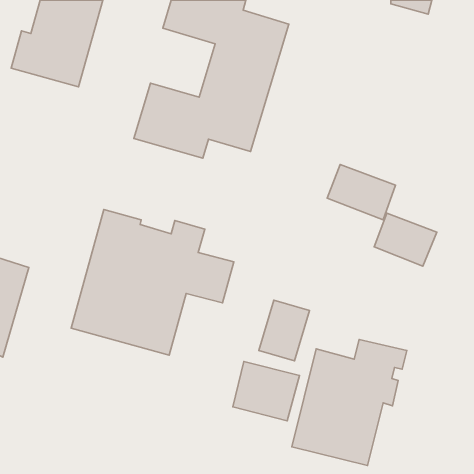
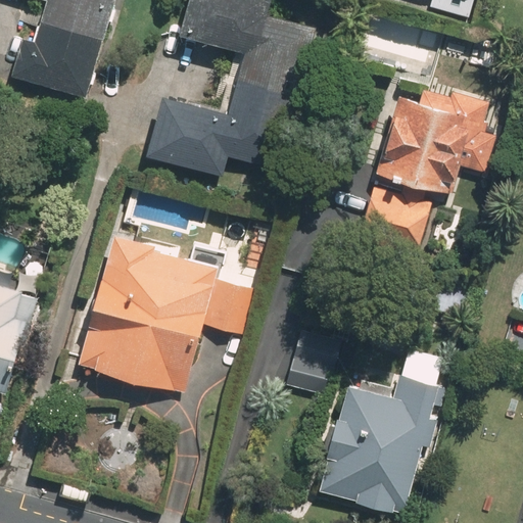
building: none -> [377,87,492,190]
building: [374,213,437,266] -> none
building: [233,362,300,421] -> none

